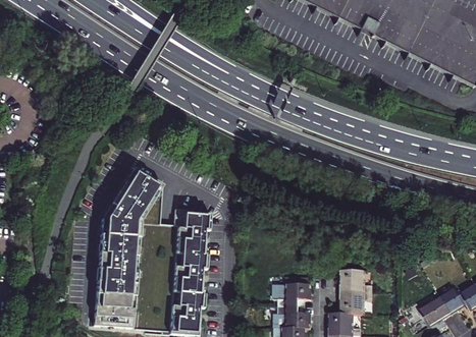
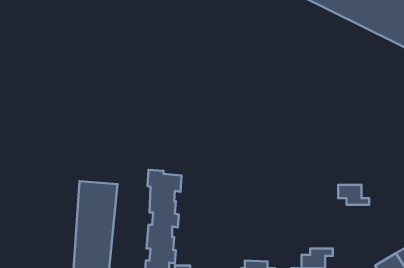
building: [100,166,163,221] -> none
building: [339,269,373,290] -> [338,185,369,205]
building: [274,282,311,304] -> none

